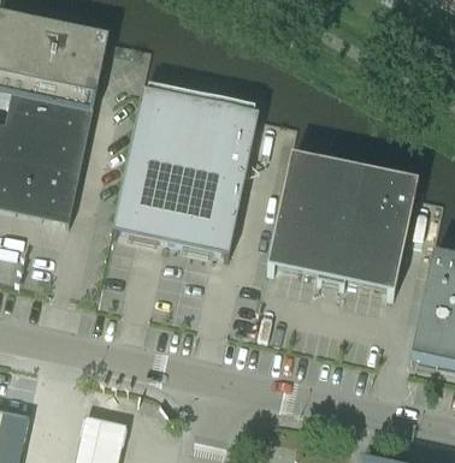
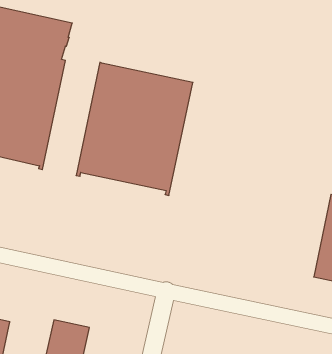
building: [267,161,415,291] -> none

